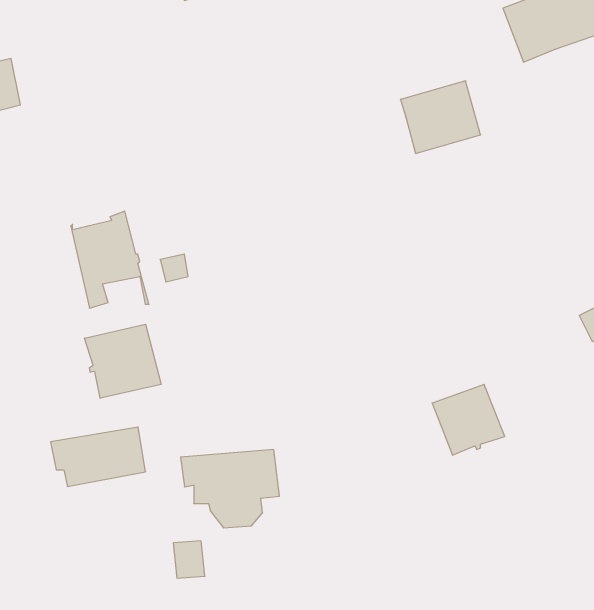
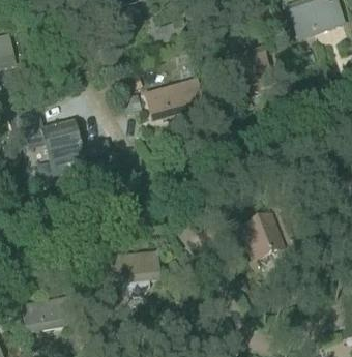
building: none -> [146,79,203,119]
building: [85,324,161,398] -> none
building: [51,427,146,487] -> [23,296,76,329]

